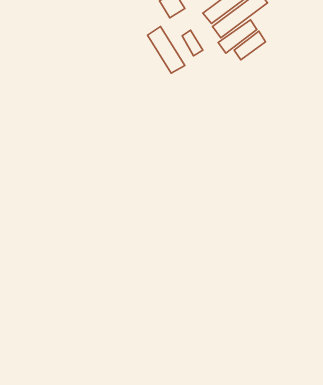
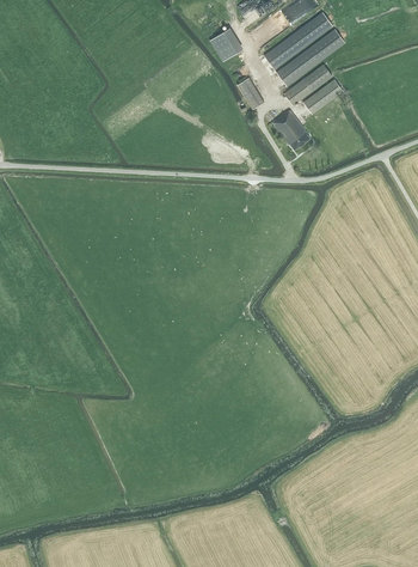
building: [147,26,185,73] -> none
building: none -> [272,109,309,148]

